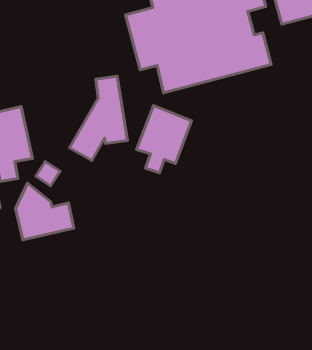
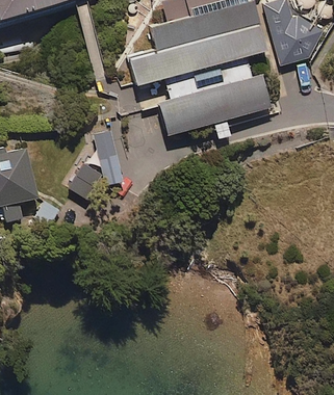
building: [137,106,191,173] -> none
building: [16,183,74,240] -> none

